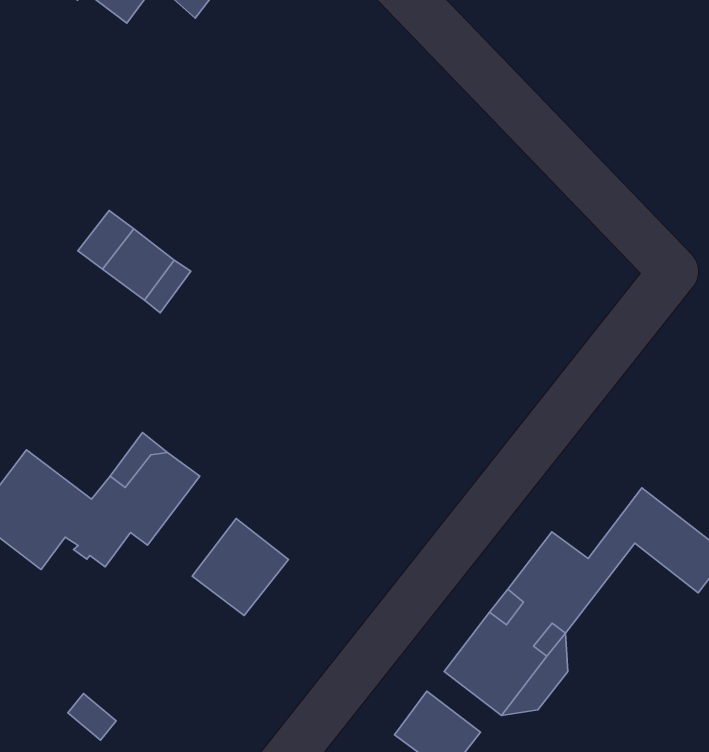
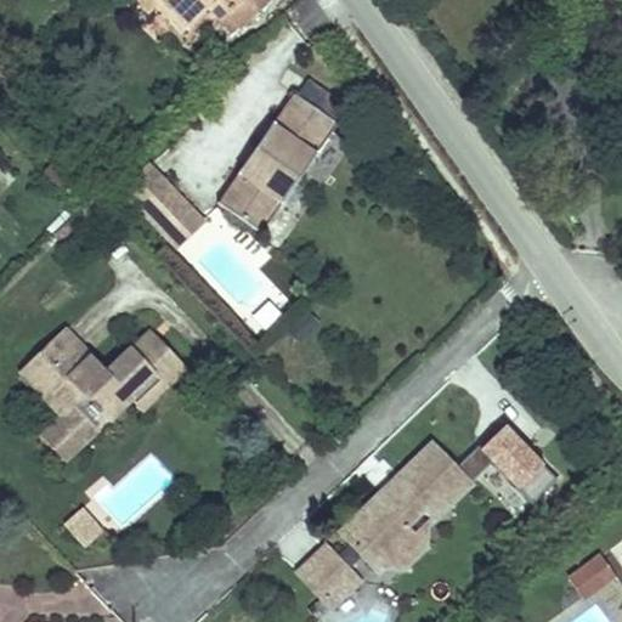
building: none -> [214,89,338,231]
building: [192,518,288,616] -> none
building: none -> [41,392,109,458]

